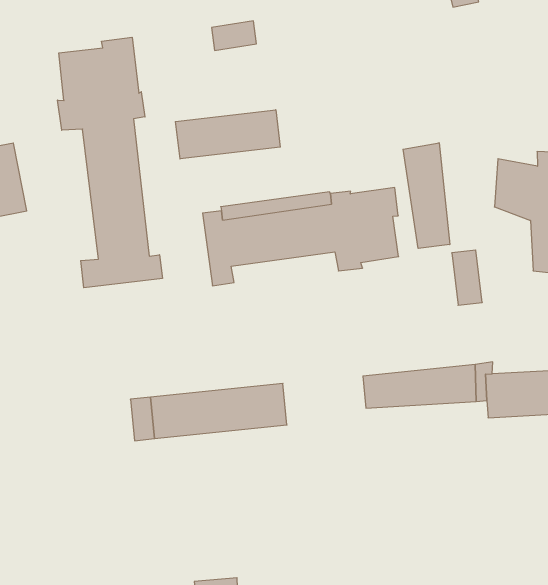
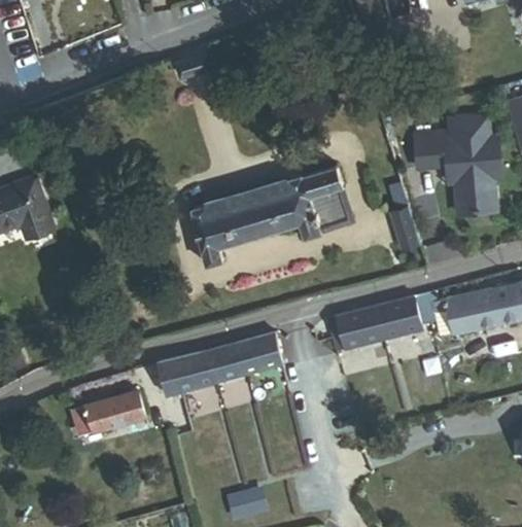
building: [58,37,162,288] -> none
building: [175,110,280,159] -> none
building: [403,143,450,248] -> none
building: none -> [71,392,144,435]

